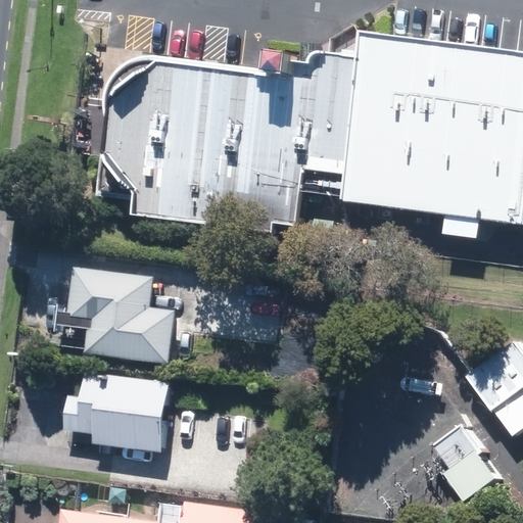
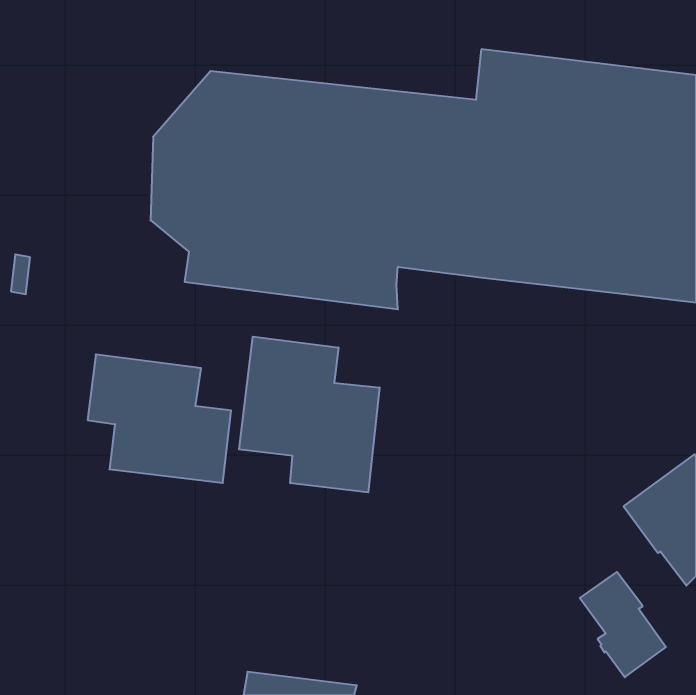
building: none -> [239,337,380,492]
building: [78,378,169,448] -> none

